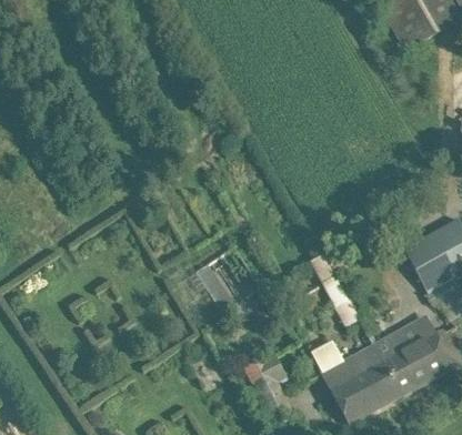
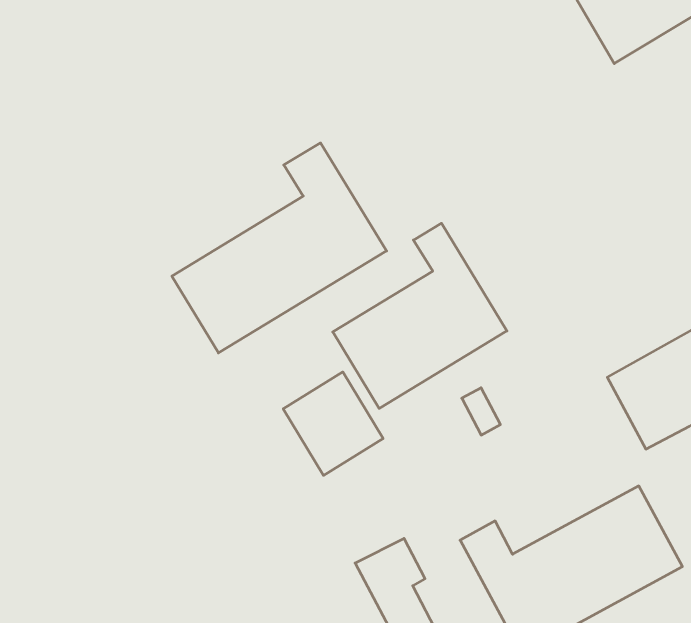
building: none -> [172,143,387,353]
building: none -> [333,223,507,408]

